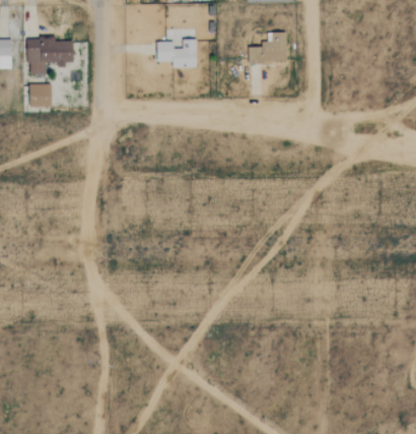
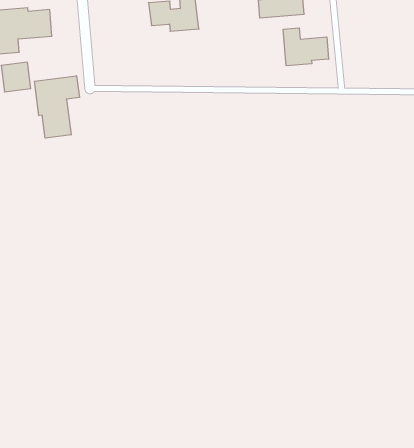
building: none -> [283,28,329,66]
building: none -> [34,76,79,138]

